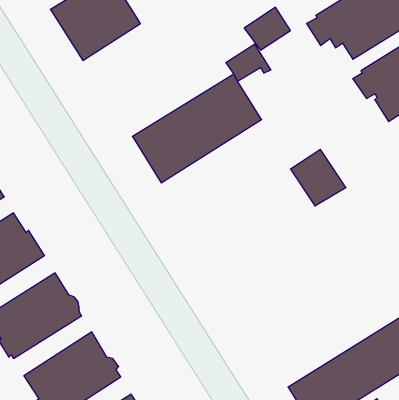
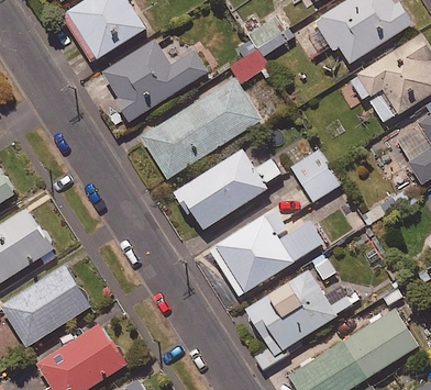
building: none -> [101,38,209,123]
building: none -> [173,147,280,229]
building: none -> [208,209,325,298]
building: none -> [245,270,357,370]

